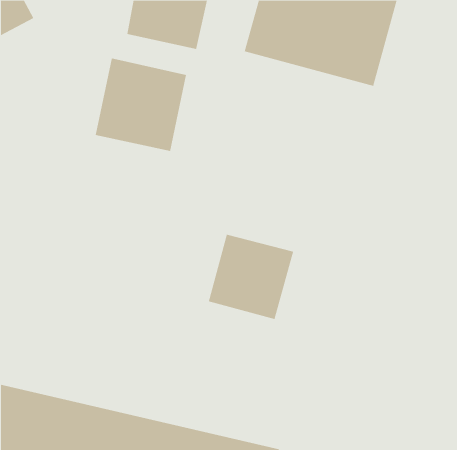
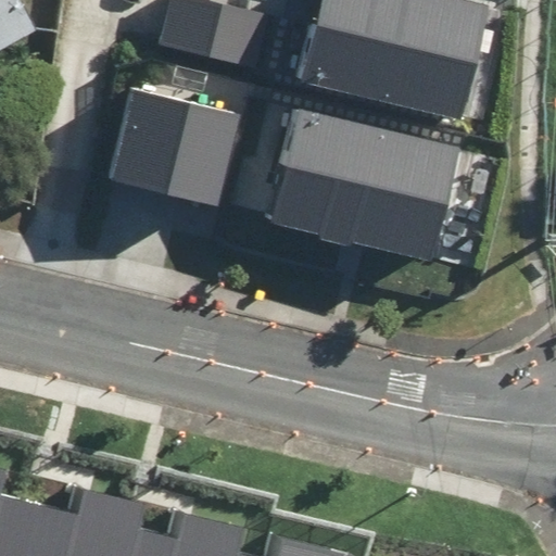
building: none -> [266,104,455,266]
building: [208,234,294,320] -> none

